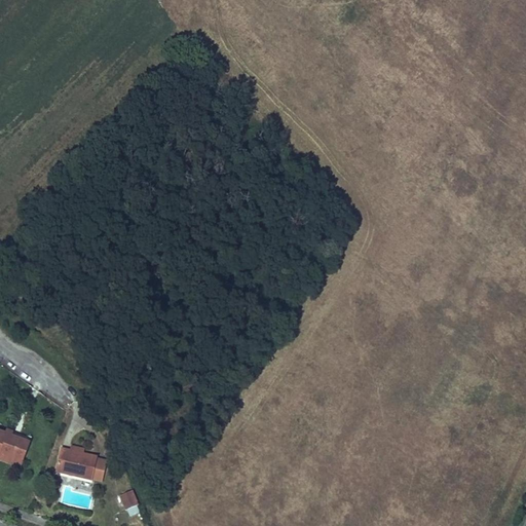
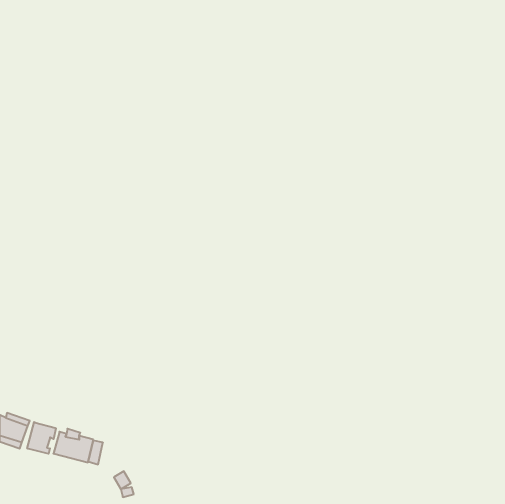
building: none -> [27,422,56,454]

